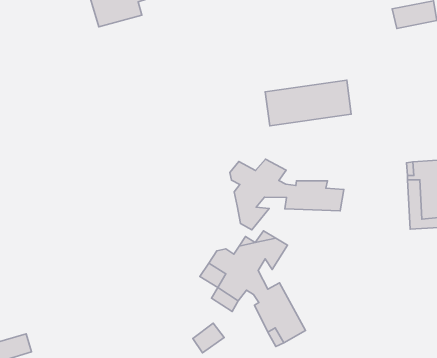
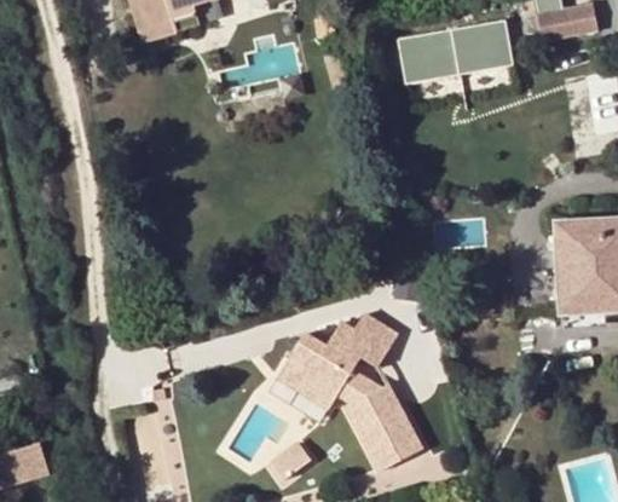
building: [265,80,351,126] -> [402,17,518,79]
building: [230,159,344,230] -> none

